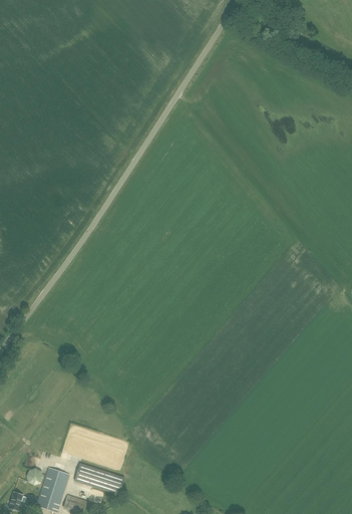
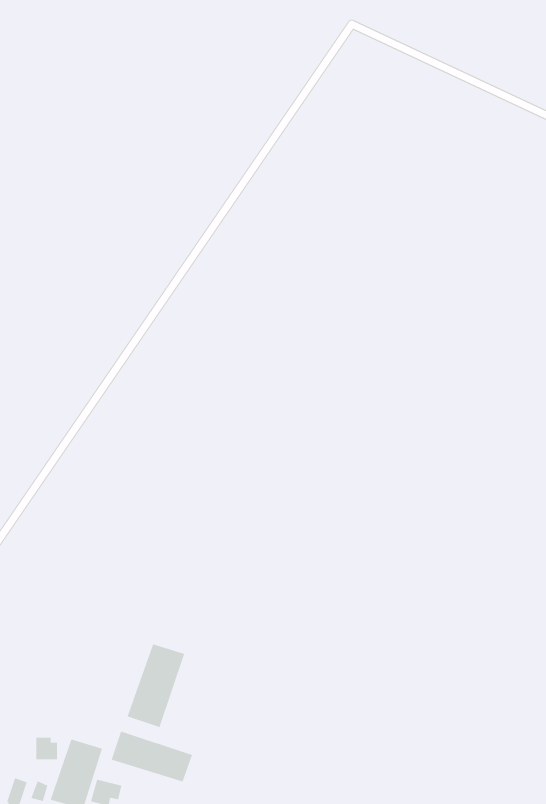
building: none -> [127,643,185,728]

